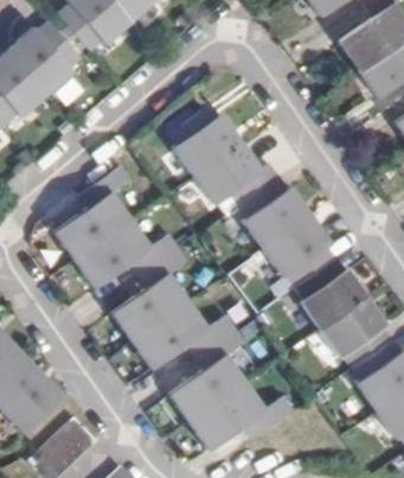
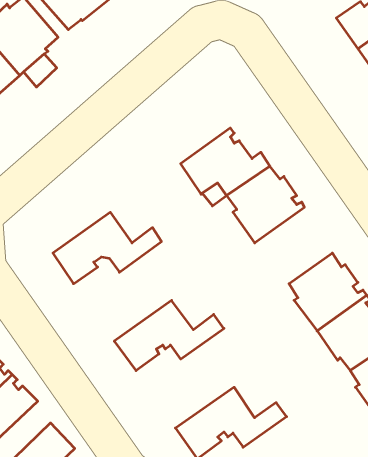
building: [169,103,242,176] -> none
building: [57,166,130,259] -> none
building: [264,216,336,287] -> none
building: [114,248,187,340] -> none
building: [172,329,245,421] -> none

